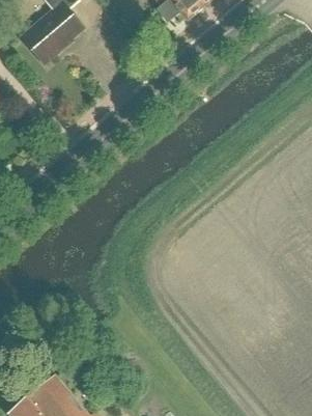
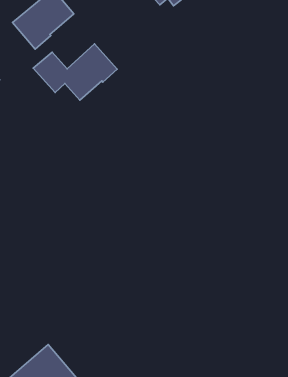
building: none -> [33,44,117,100]

